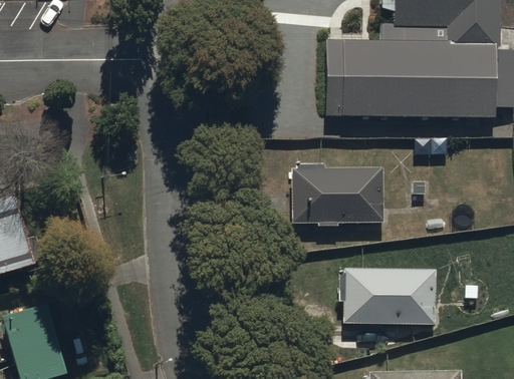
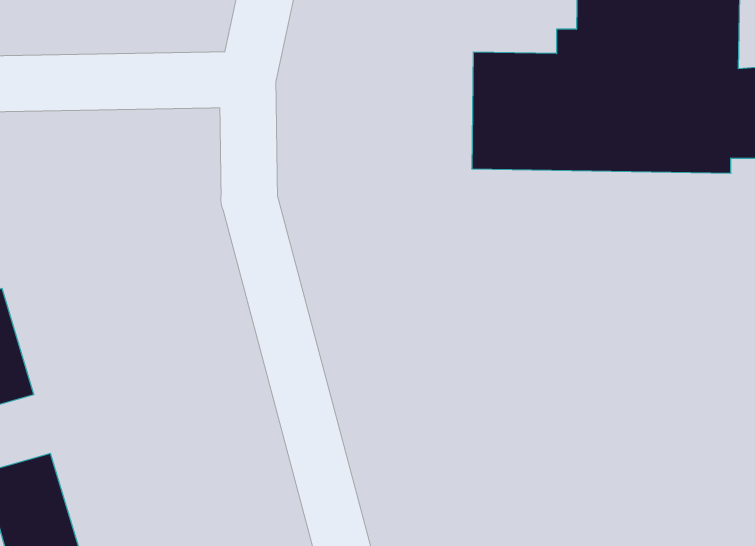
building: [283,164,383,227] -> none
building: [338,267,436,326] -> none

